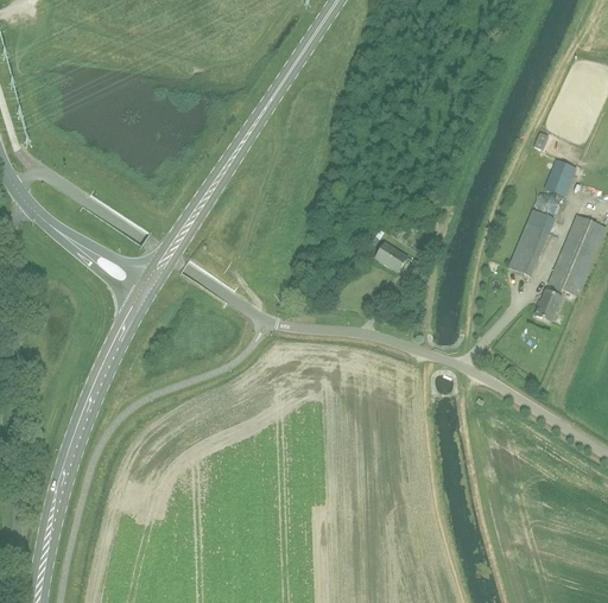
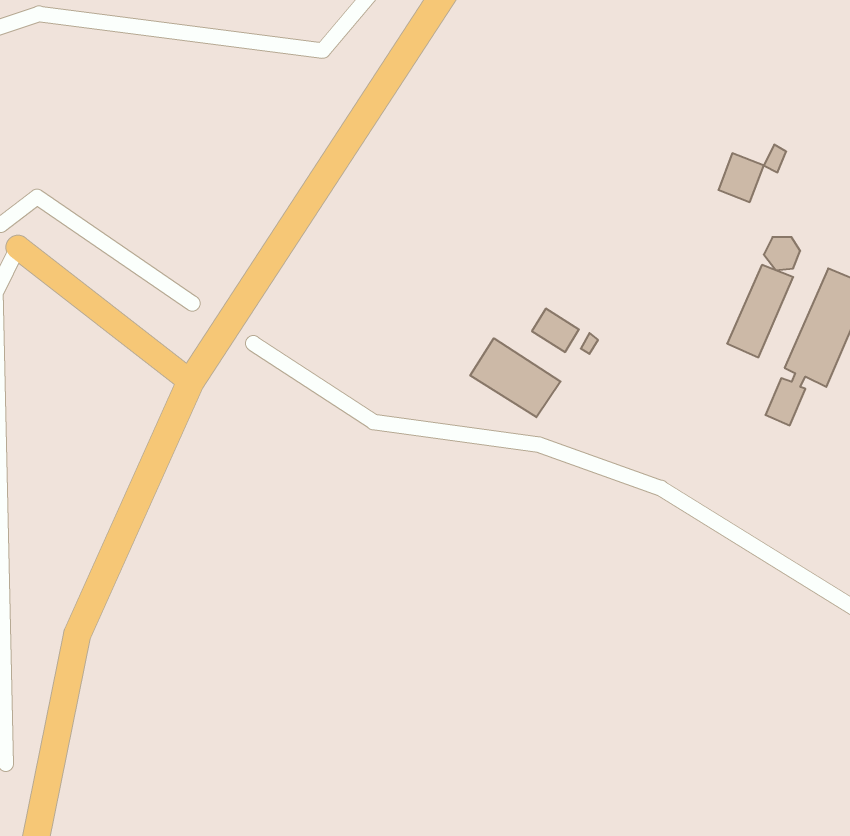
building: [546,161,577,195] -> [718,153,764,202]
building: none -> [470,338,561,417]

